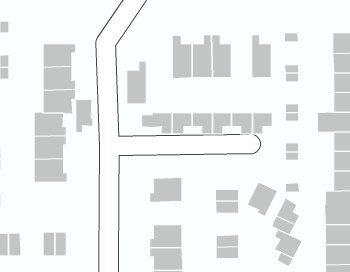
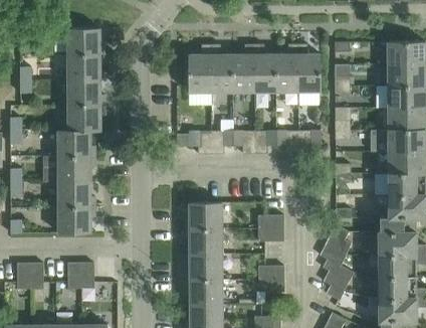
building: none -> [67,28,103,54]
building: none -> [275,44,297,92]
building: [127,61,147,104] -> [188,45,210,93]
building: [76,99,93,133] -> none
building: [247,182,278,217] -> none
building: none -> [57,207,94,233]
building: none -> [185,228,221,255]

